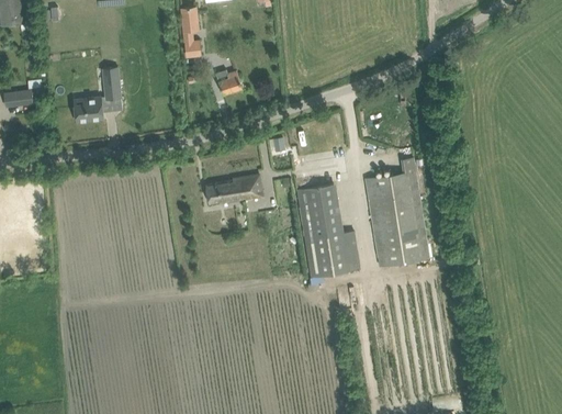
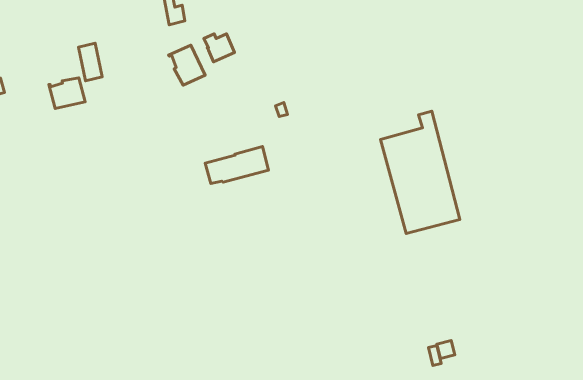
building: none -> [169,45,205,85]
building: [296,184,359,277] -> none

